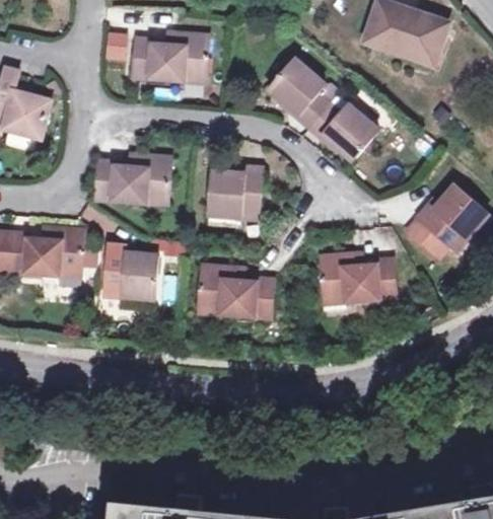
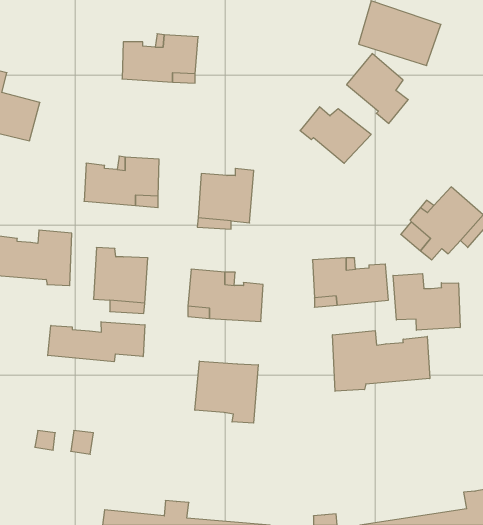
building: [267,60,328,129] -> [347,54,408,123]
building: none -> [393,274,460,330]
building: none -> [48,322,145,362]
building: none -> [333,331,430,391]
building: none -> [195,361,258,423]

